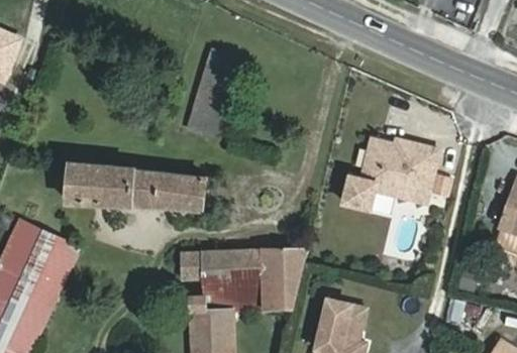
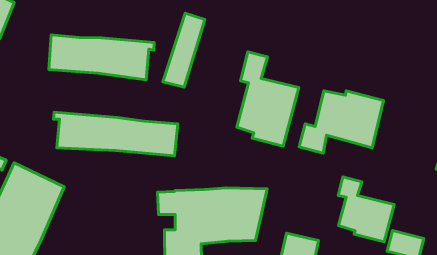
building: none -> [49,35,154,80]
building: none -> [237,52,299,146]
building: none -> [338,177,394,242]

